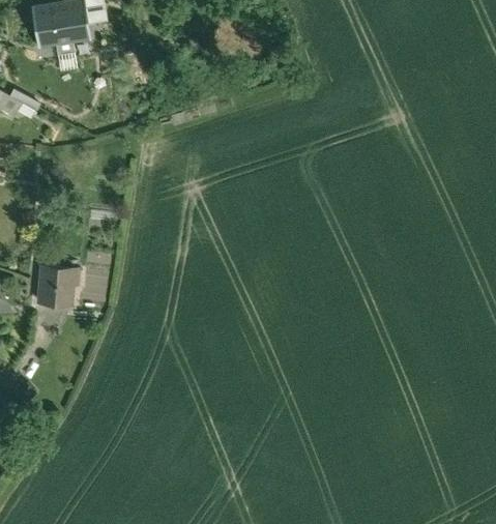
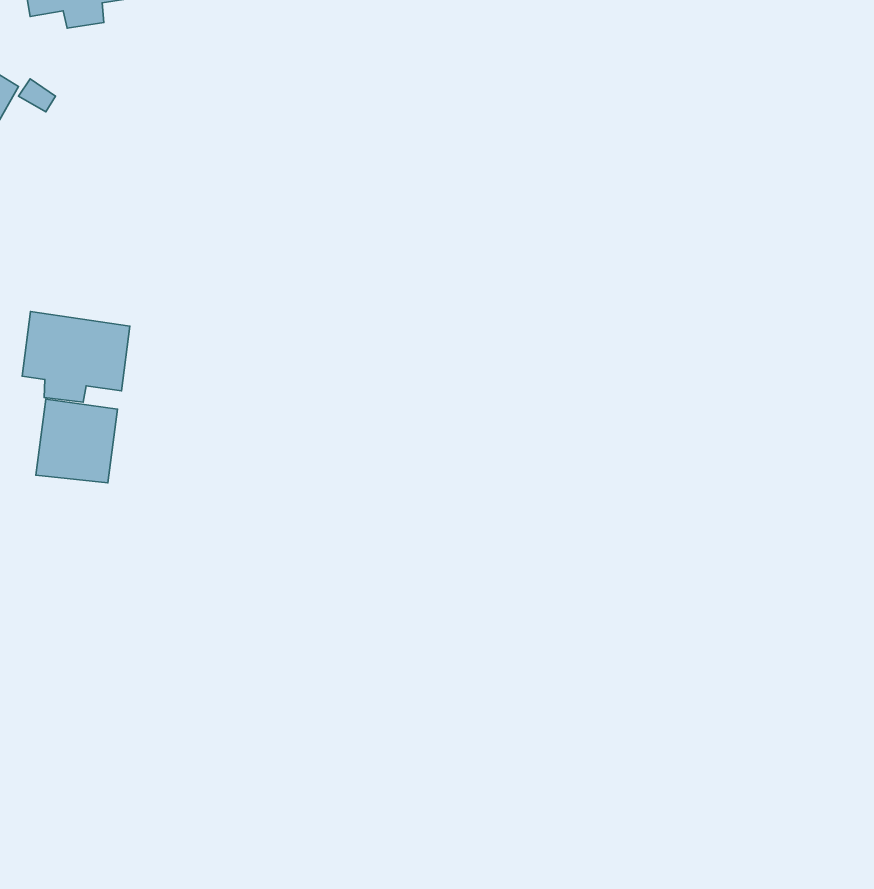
building: none -> [22,312,130,402]

